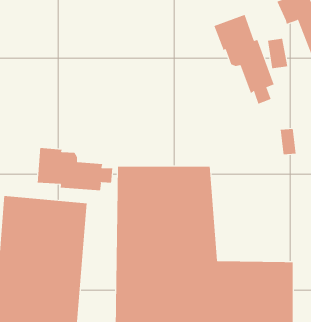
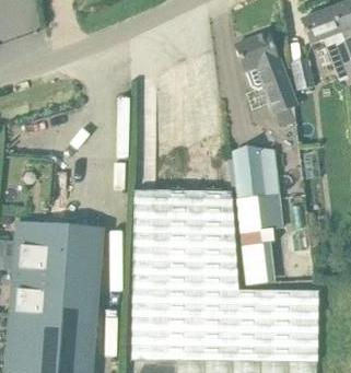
building: none -> [233,147,282,283]
building: [37,147,113,191] -> none

